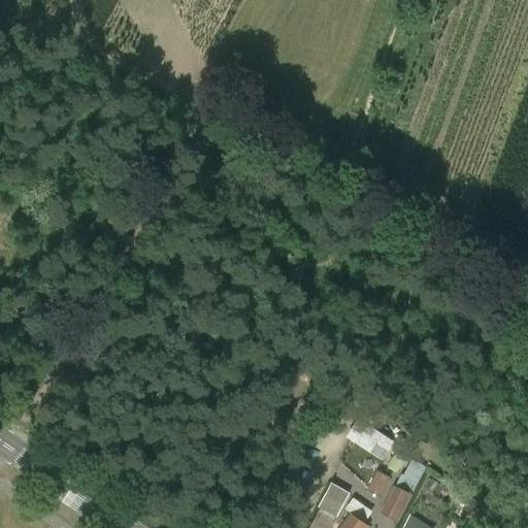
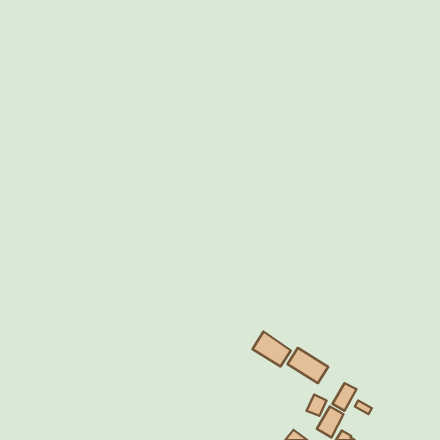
building: none -> [253,332,291,367]
building: [318,485,350,519] -> none

